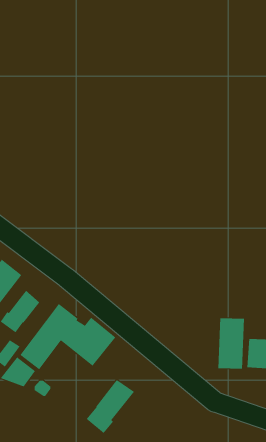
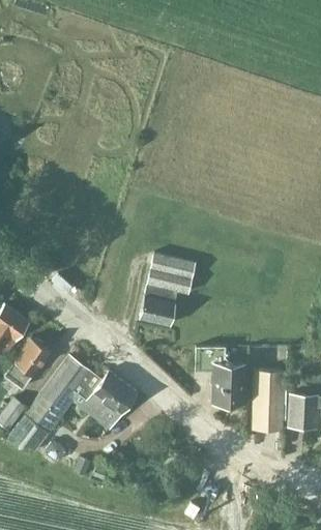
building: none -> [140,255,193,325]
building: none -> [196,346,245,404]
building: [86,379,135,434] -> none

